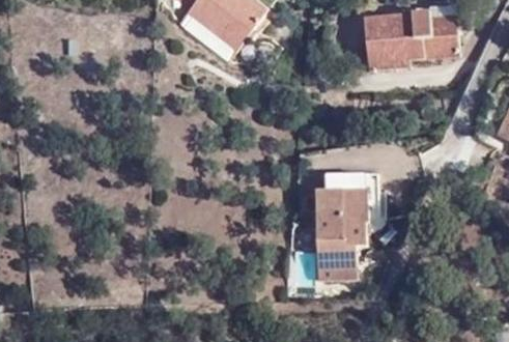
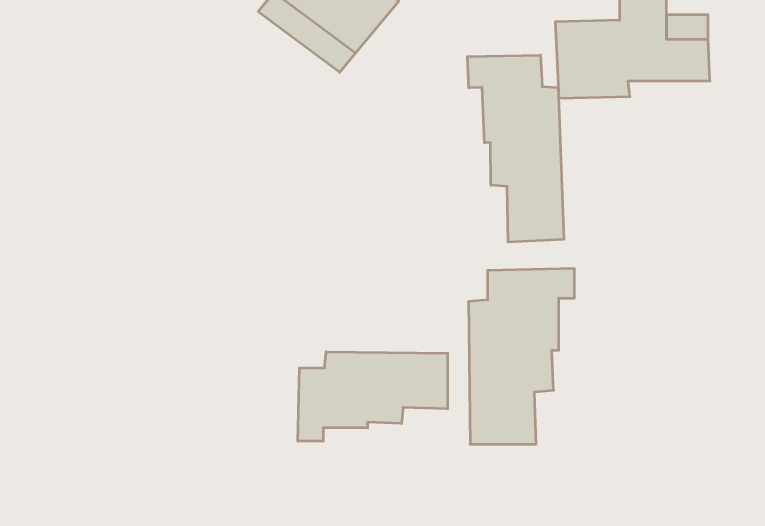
building: none -> [467,55,564,242]
building: none -> [298,352,448,441]

